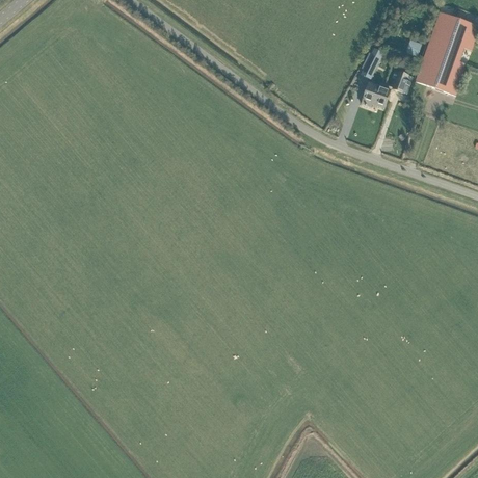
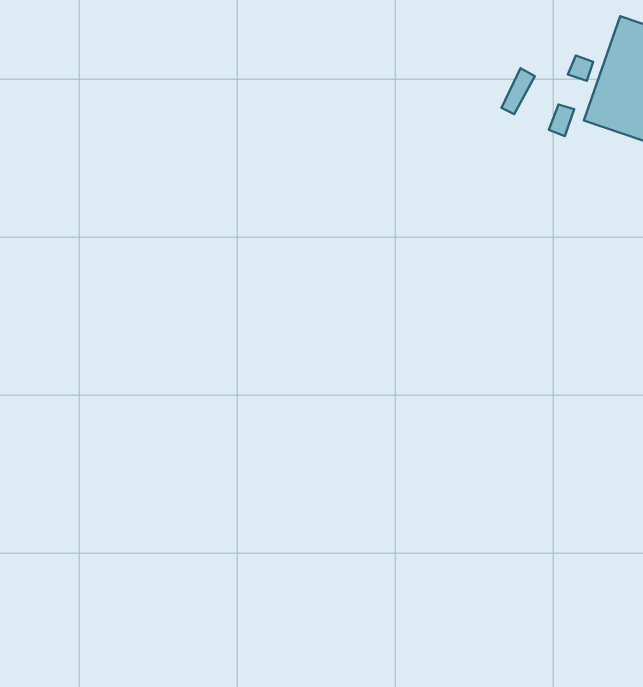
building: [362,81,391,107] -> none

